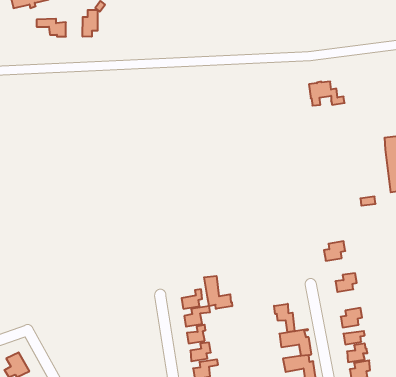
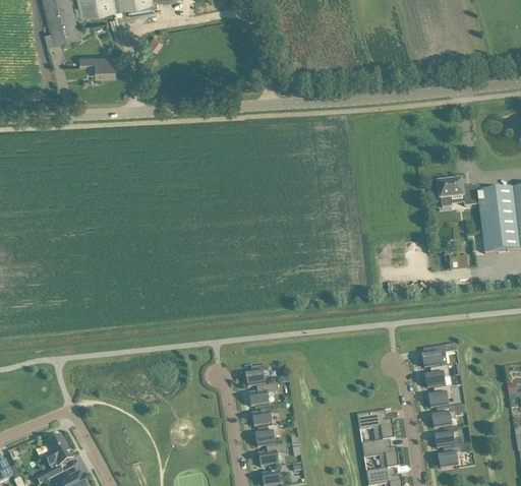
building: [83,10,98,37] -> none
building: [309,82,345,106] -> [438,180,478,207]
building: [324,241,345,261] -> [424,365,449,387]
building: [204,276,232,309] -> none
building: [274,304,294,332] -> none

